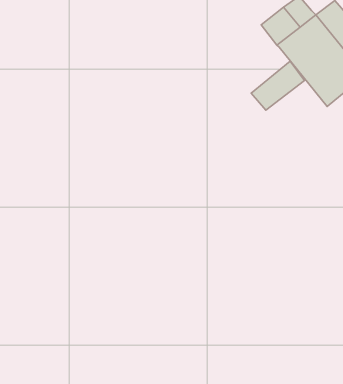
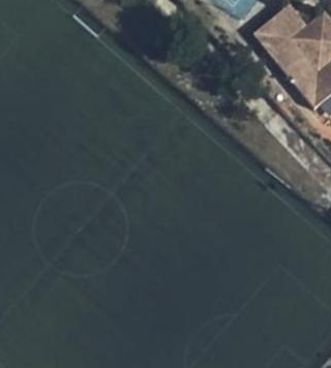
building: [251,61,305,110] -> none

